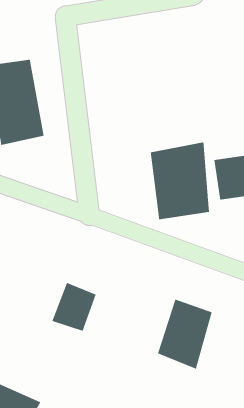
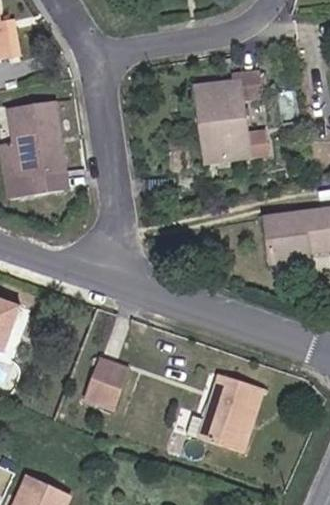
building: none -> [192,70,269,164]
building: [150,141,209,220] -> none

